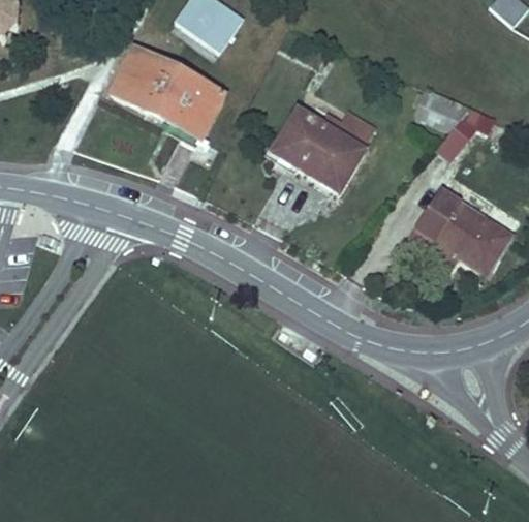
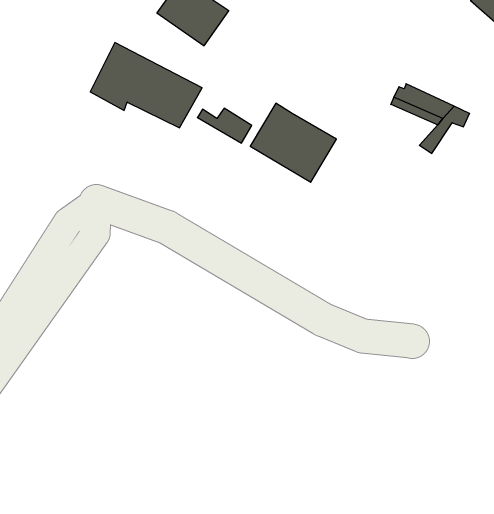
building: [314,109,369,144] -> [197,108,252,143]
building: [416,193,509,274] -> none

